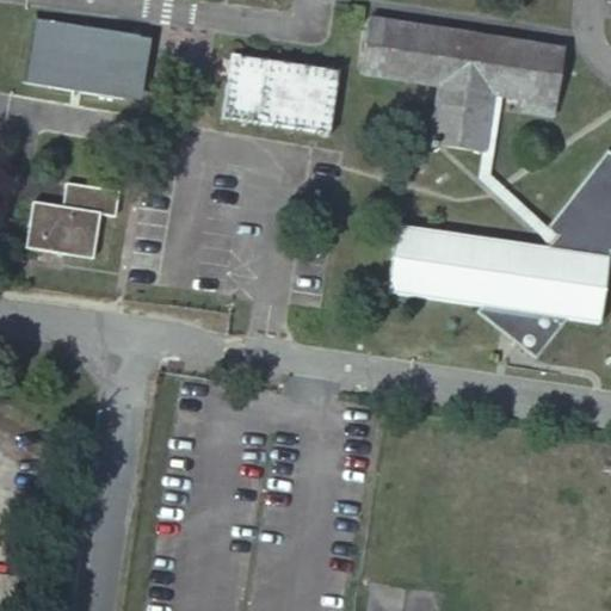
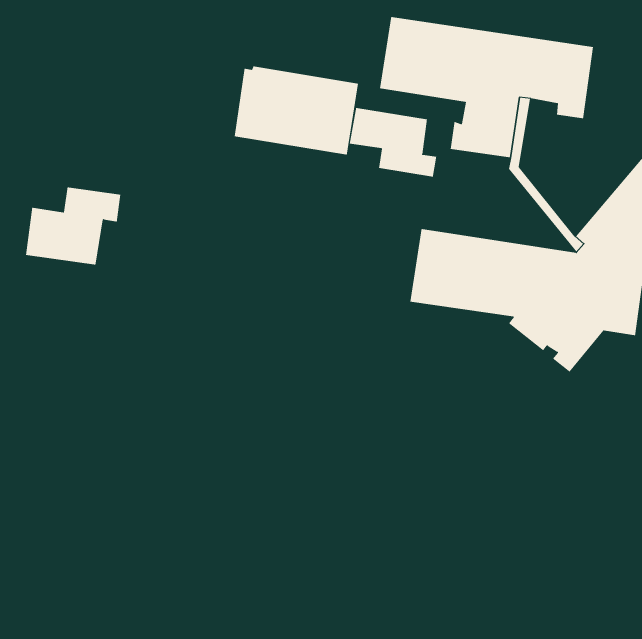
building: [36,30,130,107] -> none
building: none -> [349,107,437,178]

